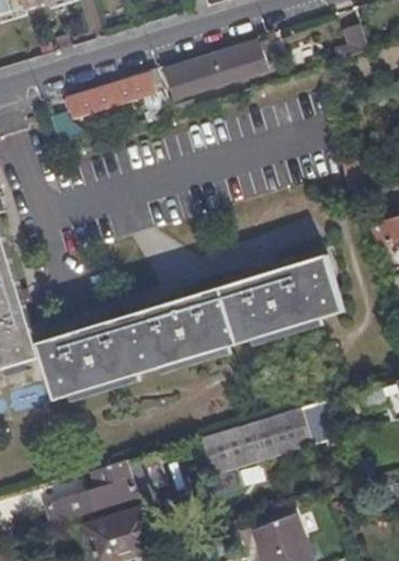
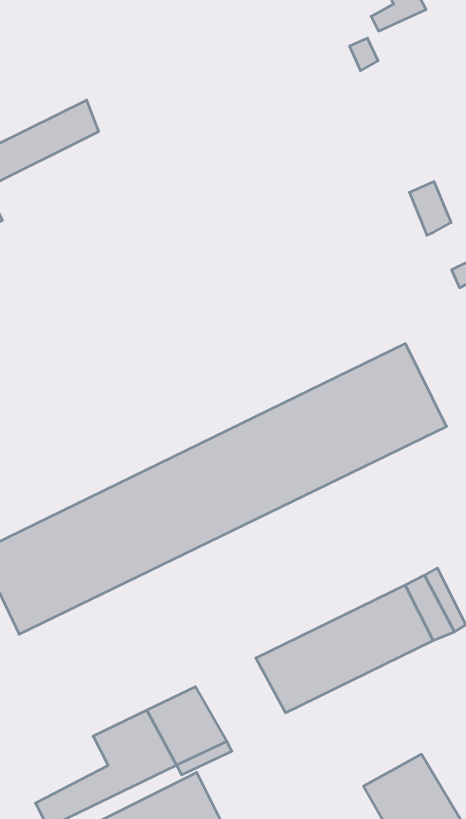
building: [163,42,265,98] -> none

